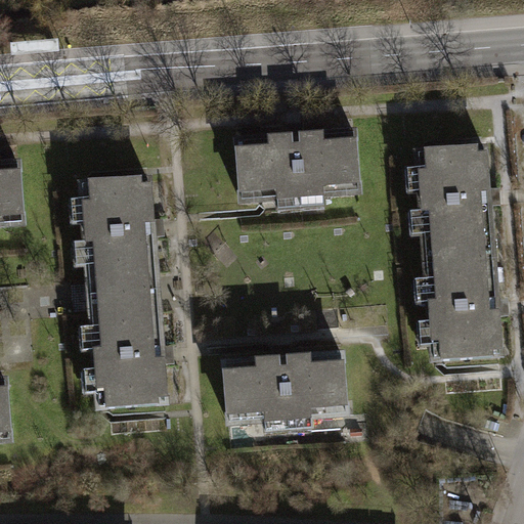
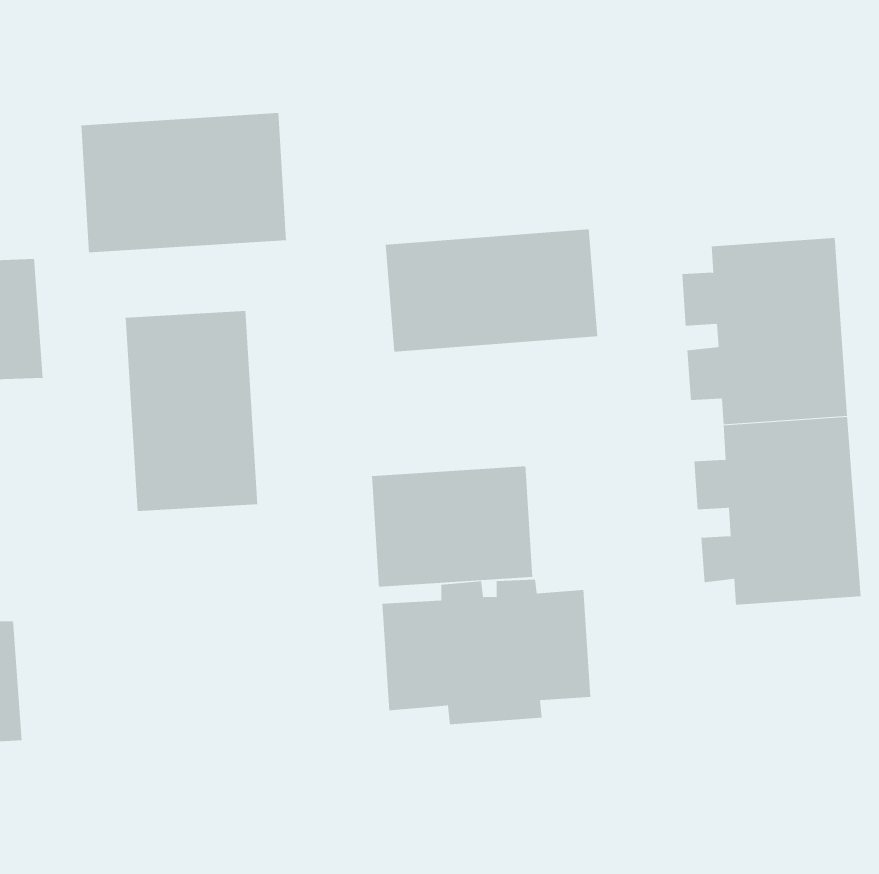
building: none -> [81,112,286,253]
building: none -> [372,465,533,588]
building: [81,298,160,417] -> none

